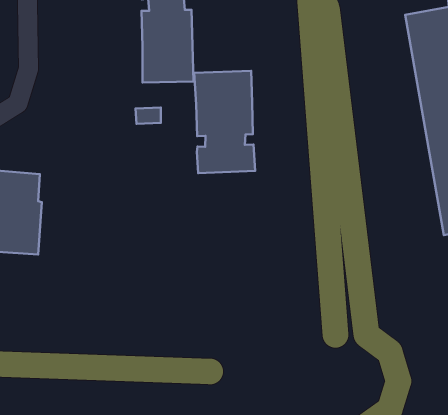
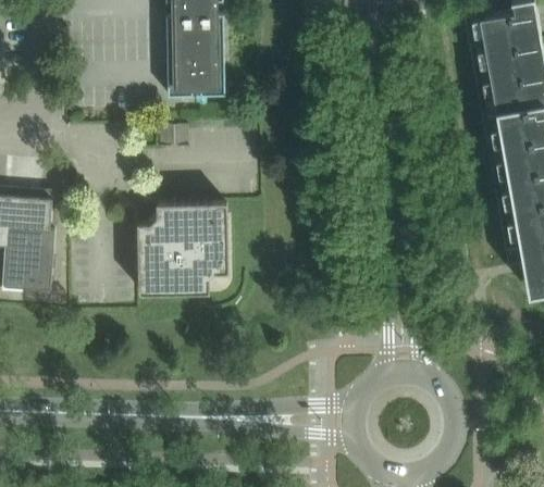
building: [194,71,255,173] -> none
building: none -> [138,203,230,296]

